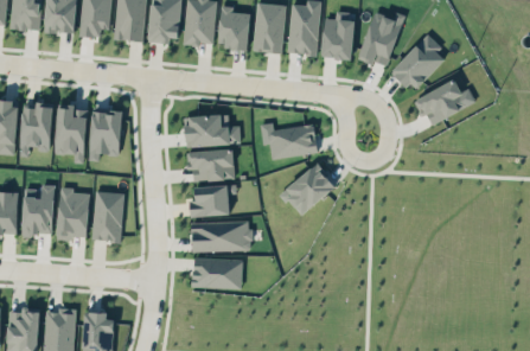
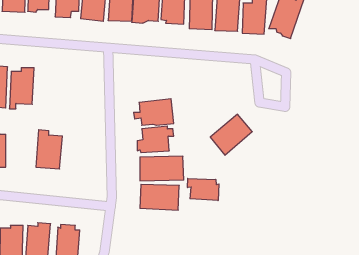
building: [388,32,445,85] -> none
building: [414,81,470,127] -> none
building: [55,100,85,164] -> none
building: [90,110,122,162] -> none
building: [186,116,241,148] -> none
building: [267,126,319,161] -> none
building: [24,186,55,237] -> none
building: [91,191,123,242] -> none
building: none -> [188,178,219,201]

